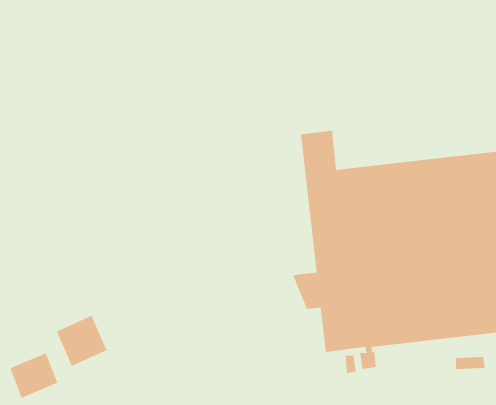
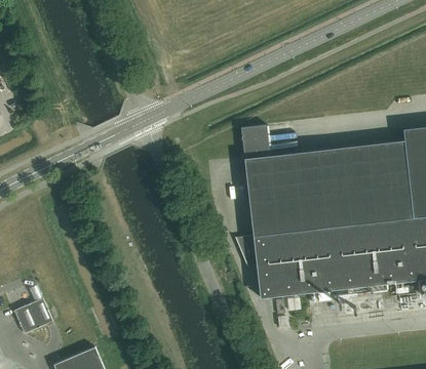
building: [56,315,107,367] -> none

